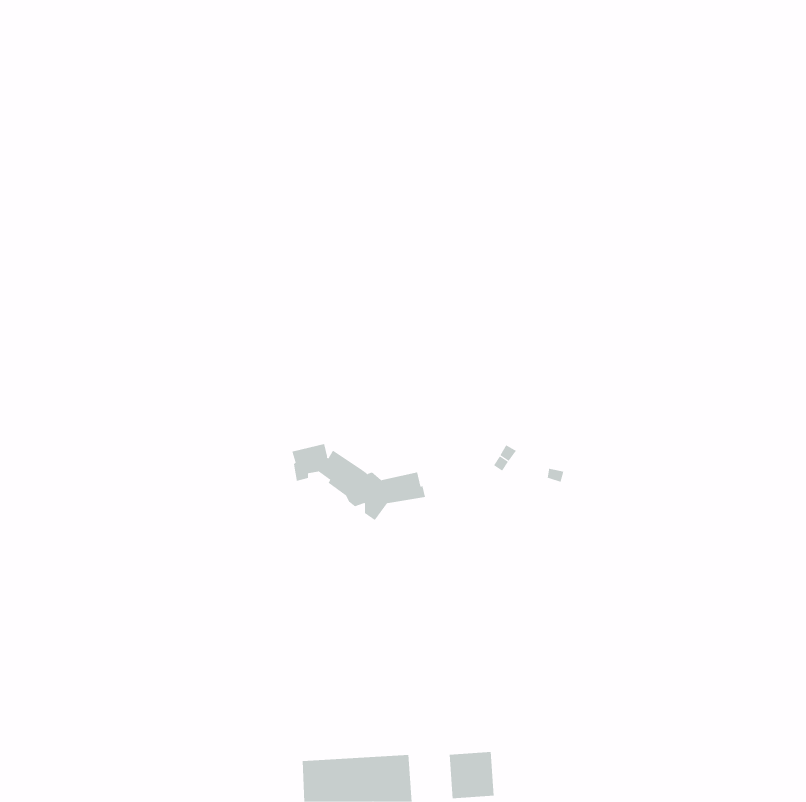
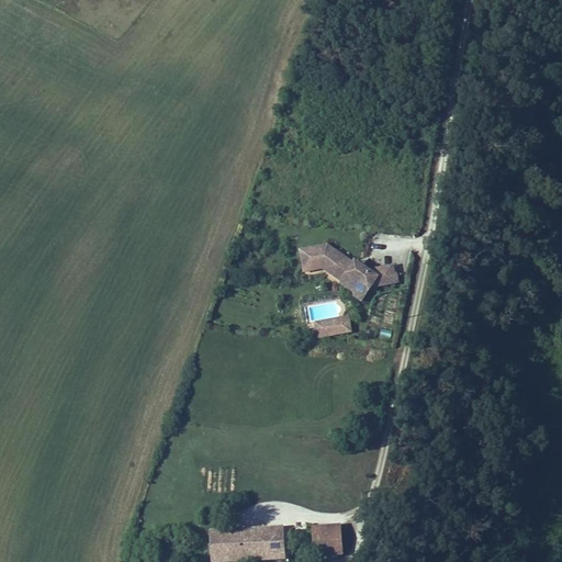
building: [292,443,426,521] -> [302,244,395,297]

